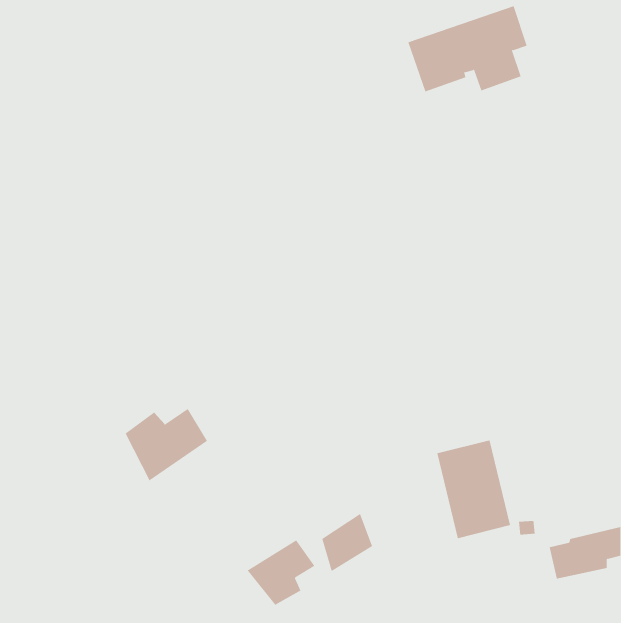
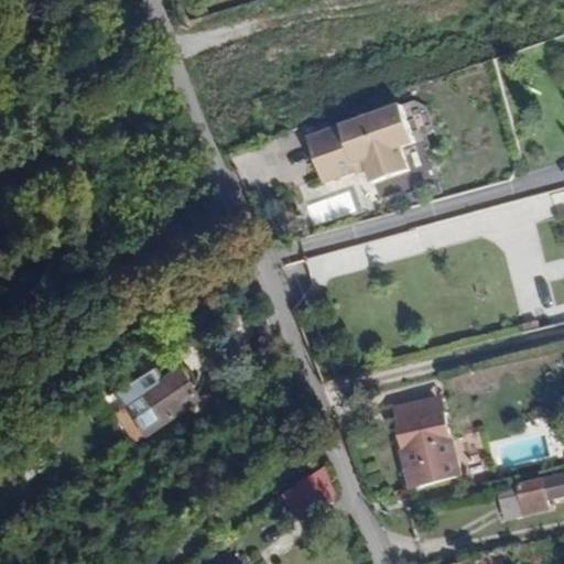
building: [408,6,527,92] -> [303,102,411,181]
building: [247,540,315,605] -> none

